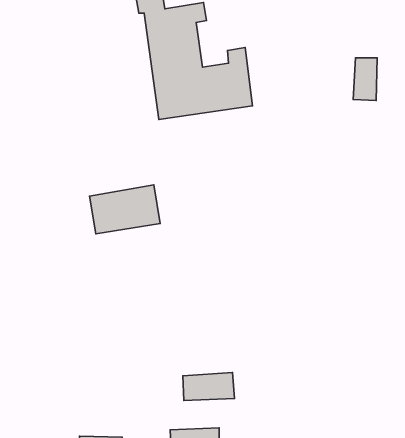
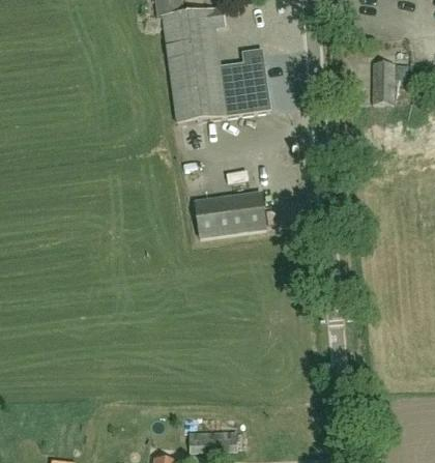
building: [89,185,160,234] -> [197,191,267,239]
building: [183,372,235,401] -> none

